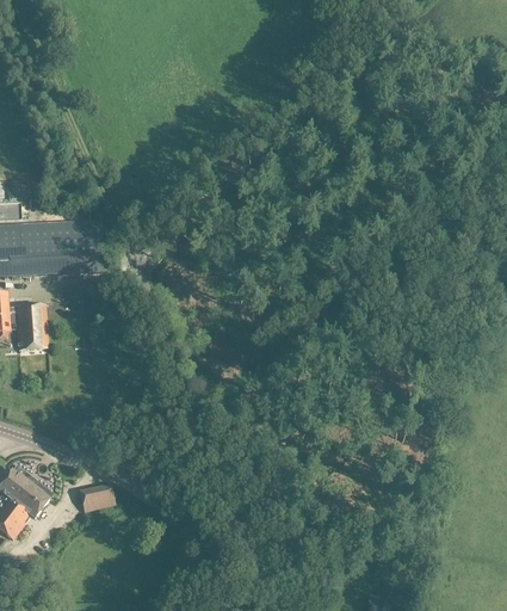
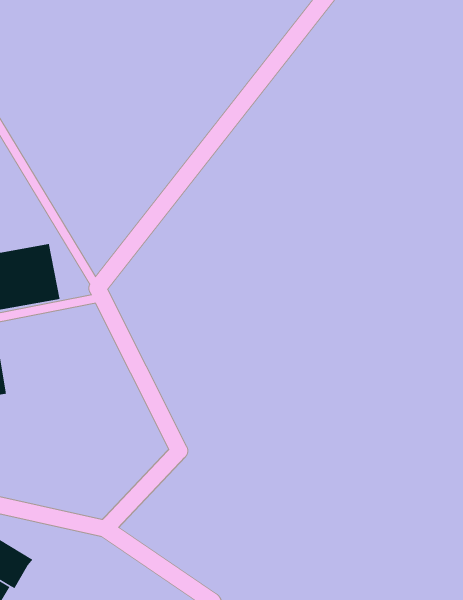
building: [78,483,115,511] -> none

